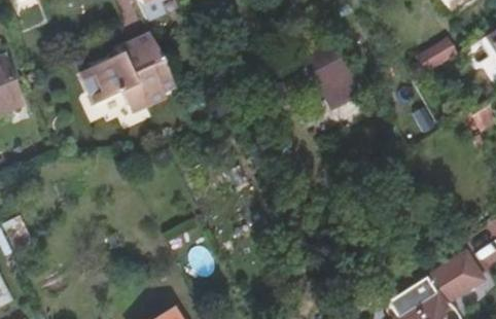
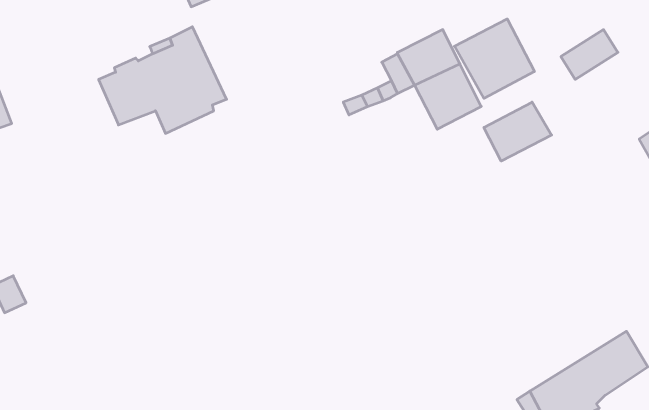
building: none -> [454,19,534,98]
building: none -> [484,102,552,161]

